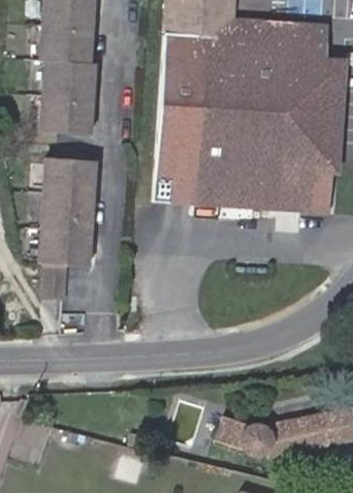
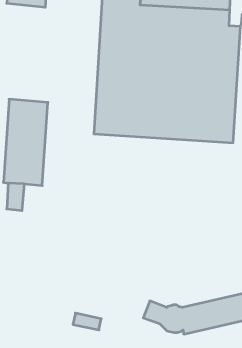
building: [41,34,96,135] -> none

